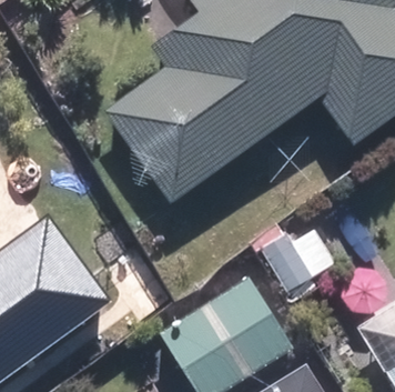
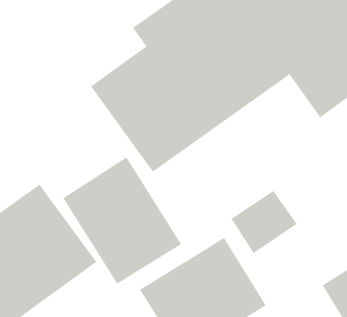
building: none -> [63,157,182,284]

